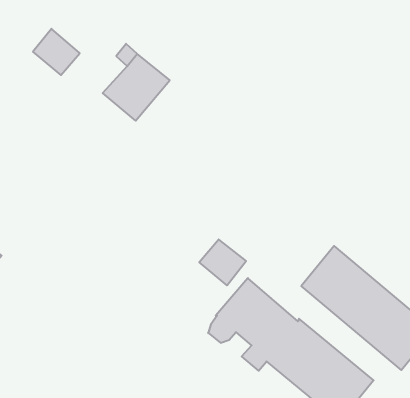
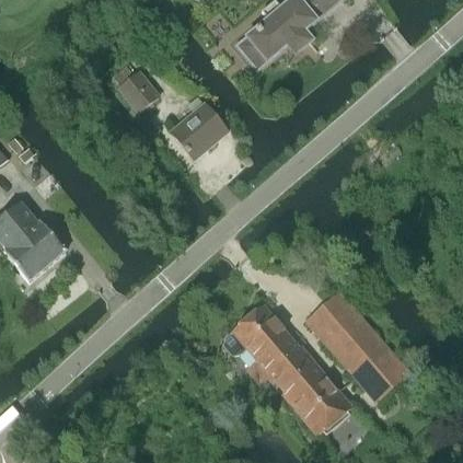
building: [199,239,246,285] -> none

